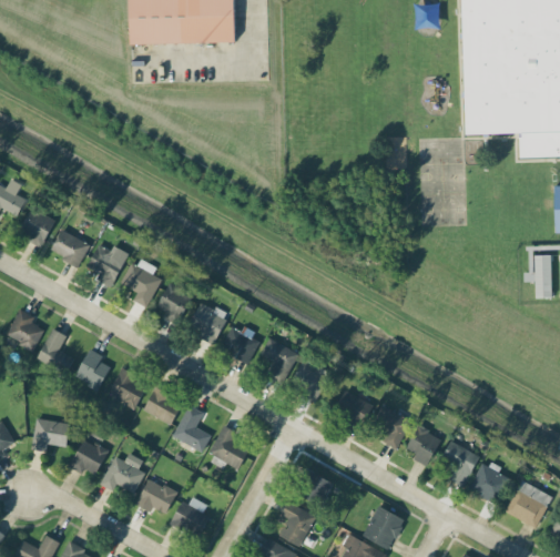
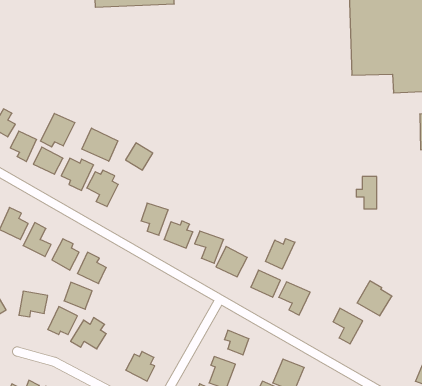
building: none -> [40,113,75,147]
building: none -> [82,128,118,161]
building: [525,255,551,297] -> [356,177,377,209]
building: [156,284,192,320] -> [126,143,153,170]
building: none -> [265,239,295,269]
building: [144,388,181,424] -> [64,282,92,309]
building: [172,405,211,453] -> none
building: [206,425,250,469] -> none
building: [407,427,440,466] -> none
building: [467,460,512,506] -> [357,281,392,316]
building: [135,478,177,514] -> none
building: [505,480,552,528] -> none

